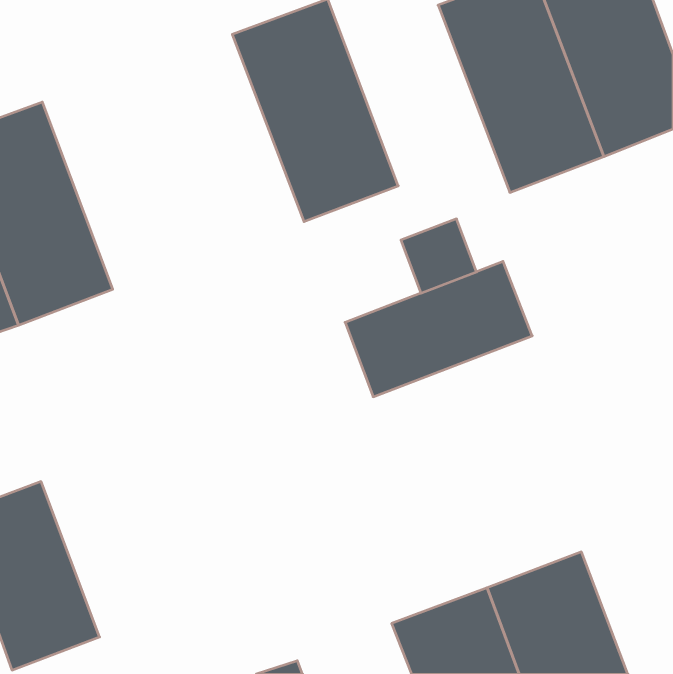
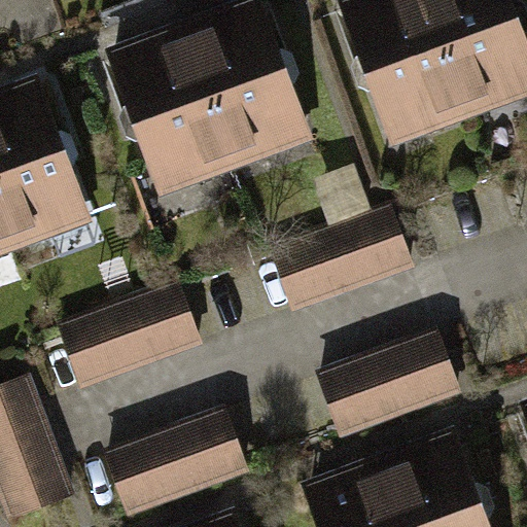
building: none -> [107,27,236,199]
building: none -> [60,279,199,381]
building: none -> [315,327,466,440]
building: none -> [100,397,245,516]

